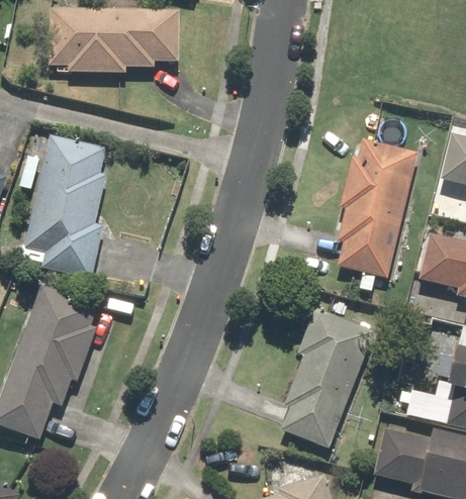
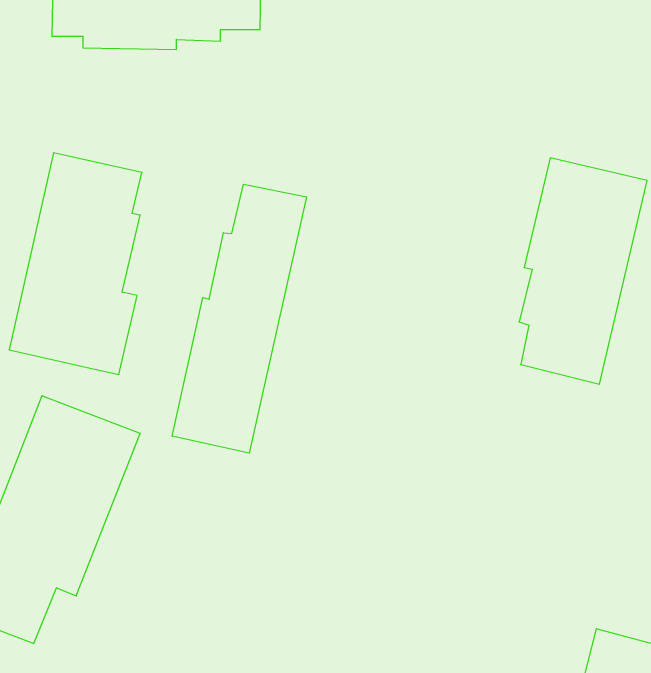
building: none -> [172,184,307,453]
building: [282,305,377,447] -> none

